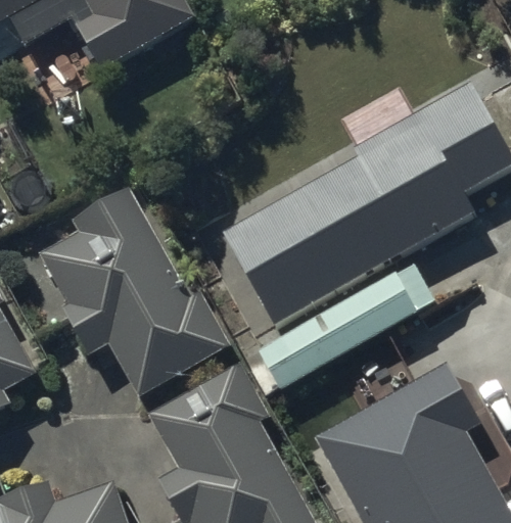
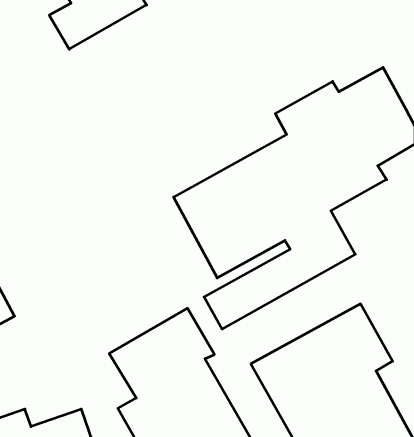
building: [42,189,230,398] -> none

